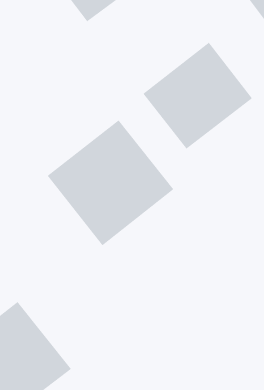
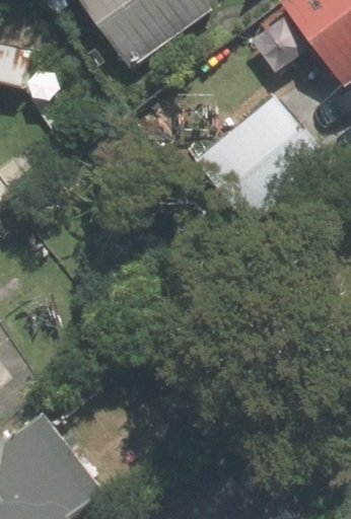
building: [47,119,174,246] -> none

